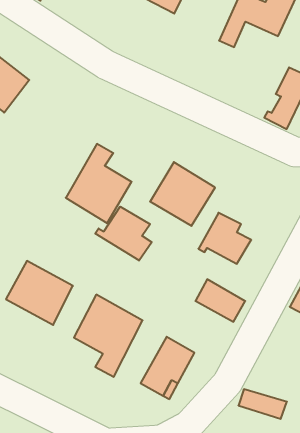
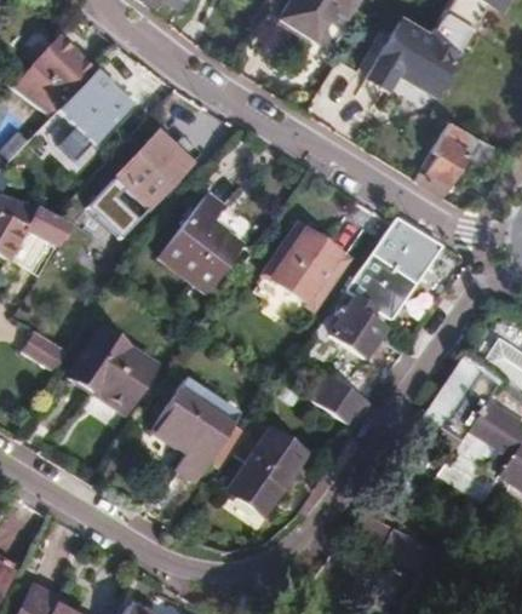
building: none -> [101,133,191,226]
building: none -> [348,219,442,320]
building: [95,207,152,261] -> none

